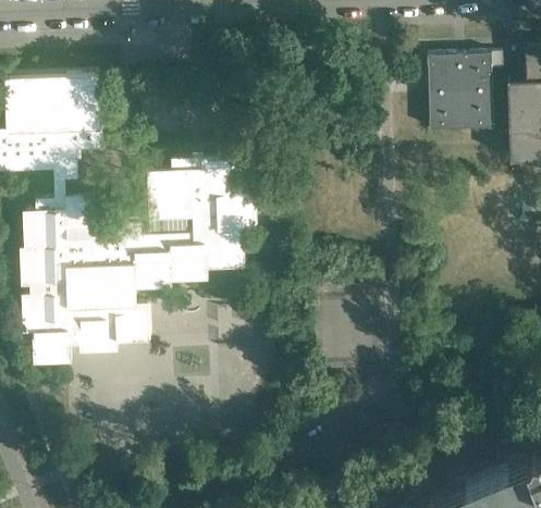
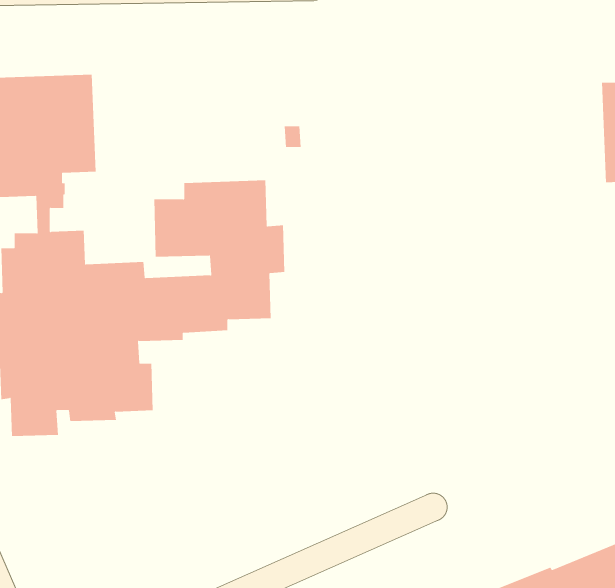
building: [428,58,495,135] -> none

